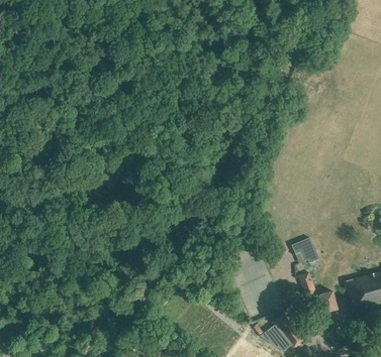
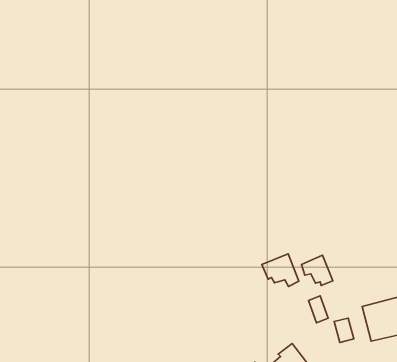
building: none -> [262,254,299,286]

